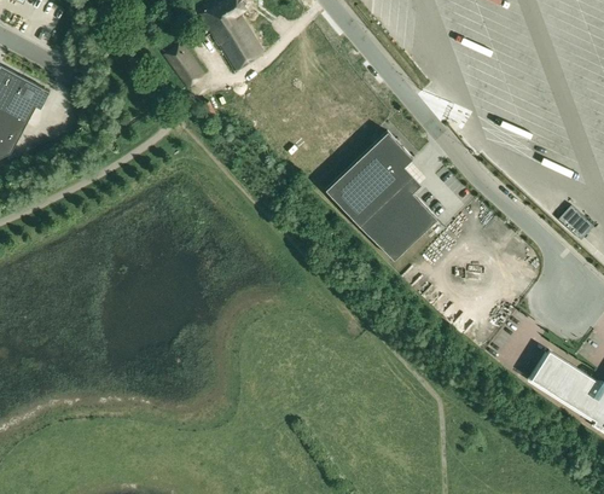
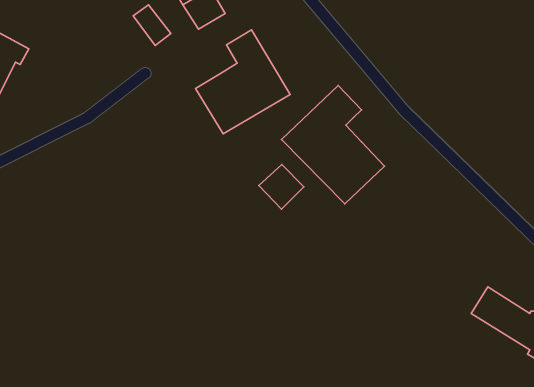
building: none -> [196,30,290,134]
building: none -> [259,164,304,209]

